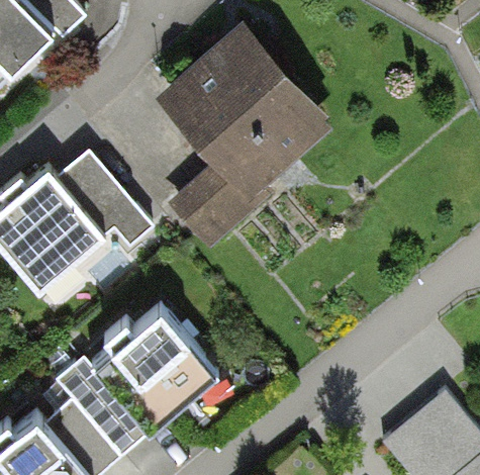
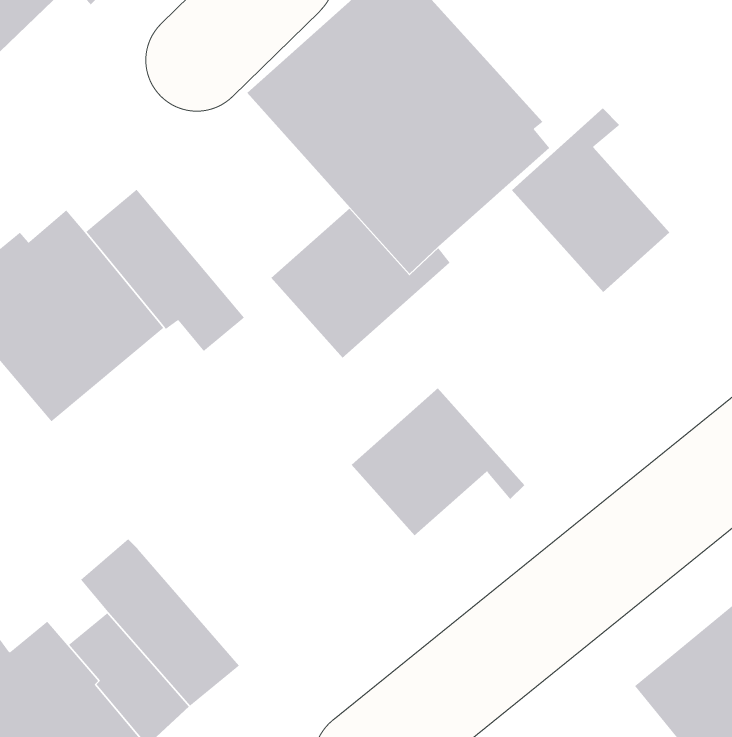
building: none -> [511,107,670,293]
building: none -> [351,388,525,536]
building: [90,299,218,432] -> none

